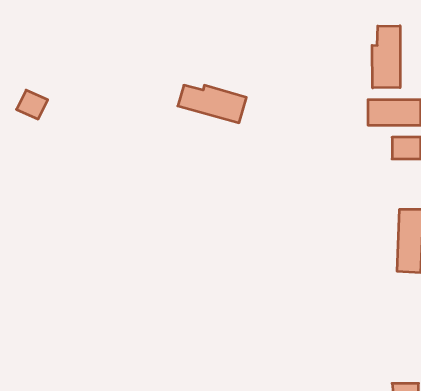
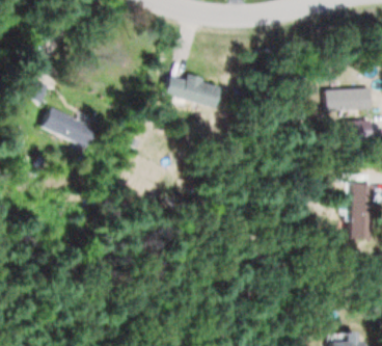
building: [372,26,400,88] -> none
building: none -> [40,110,96,148]

